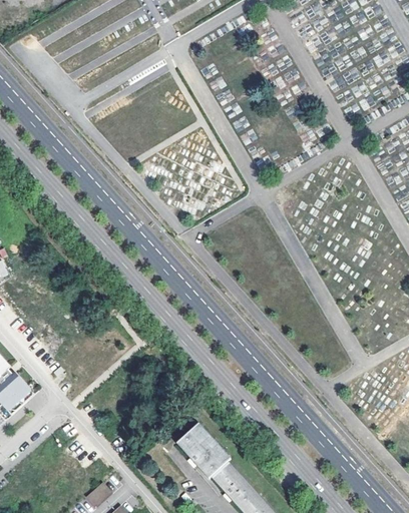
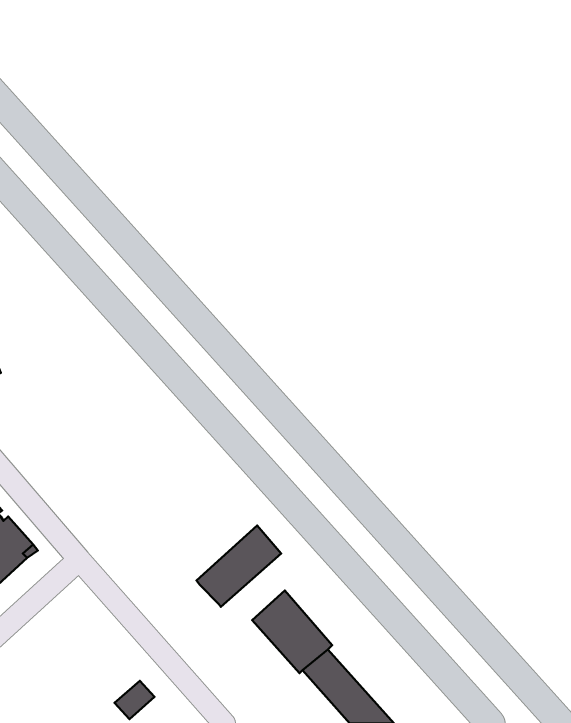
building: none -> [197,526,281,607]

